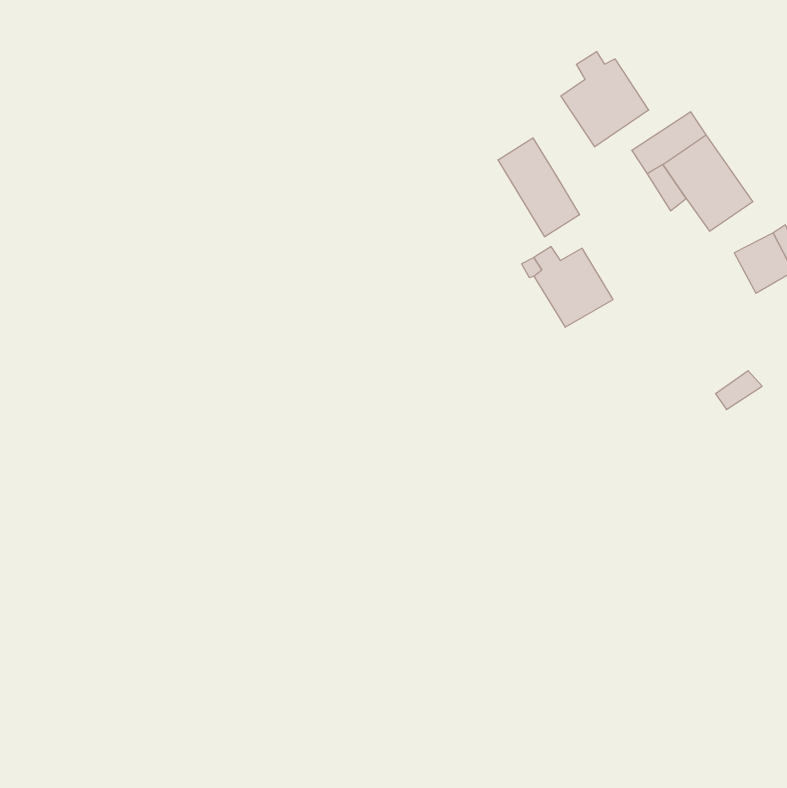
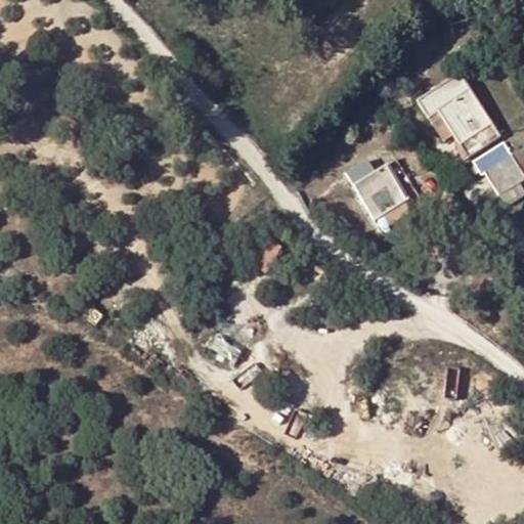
building: [561,52,649,147] -> none
building: [498,138,579,237] -> none

